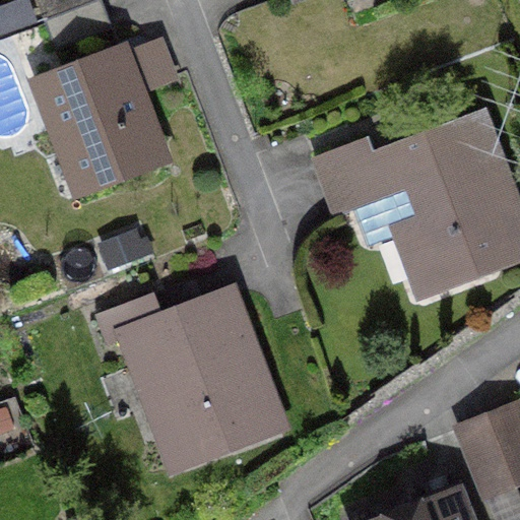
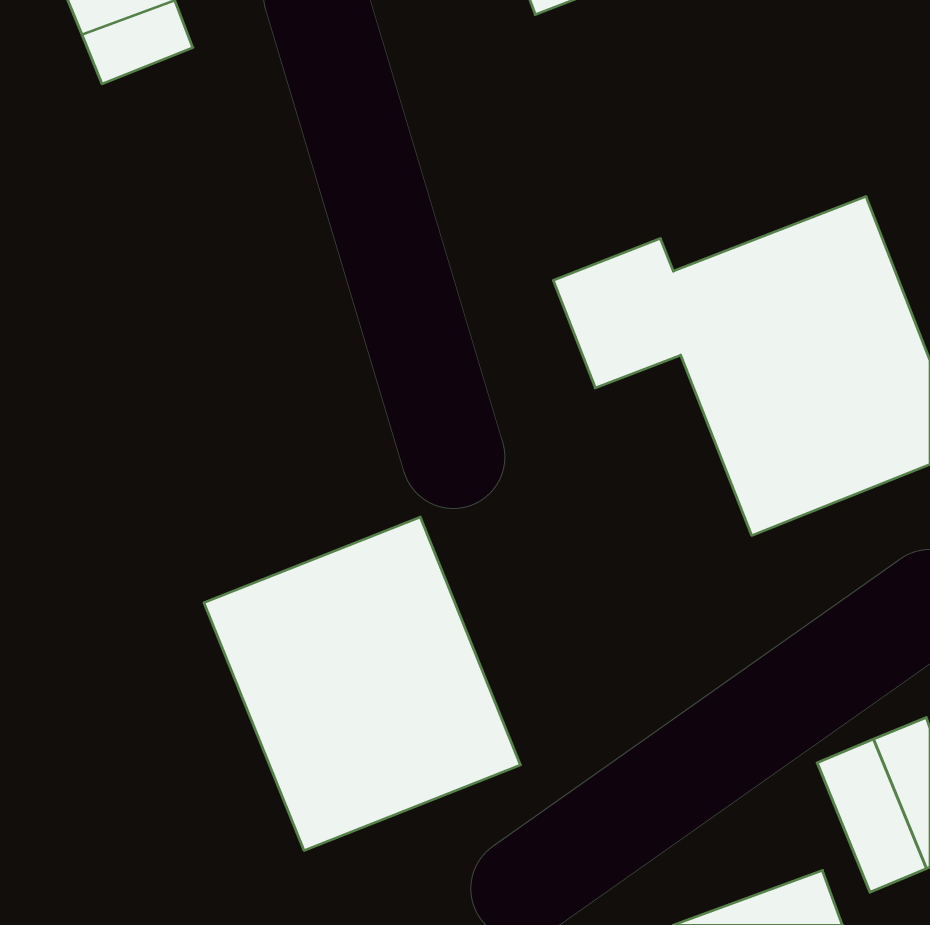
building: [30,42,171,198] -> none

